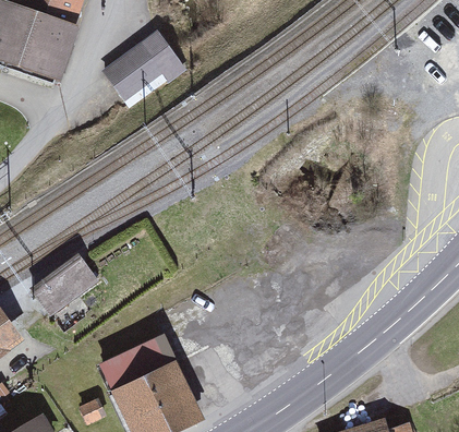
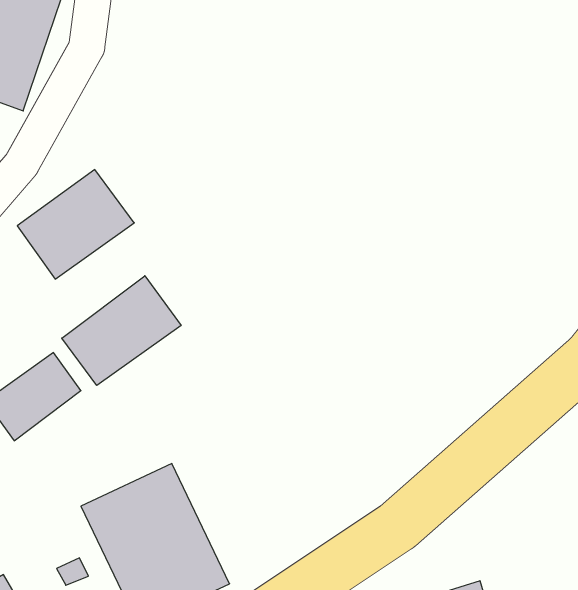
building: [101,29,185,108] -> [17,170,134,279]
building: none -> [62,276,181,385]

